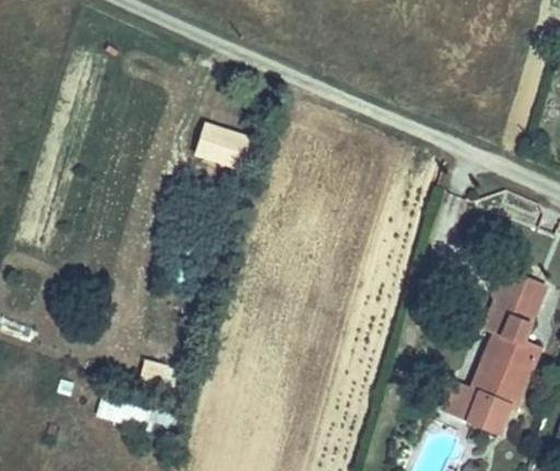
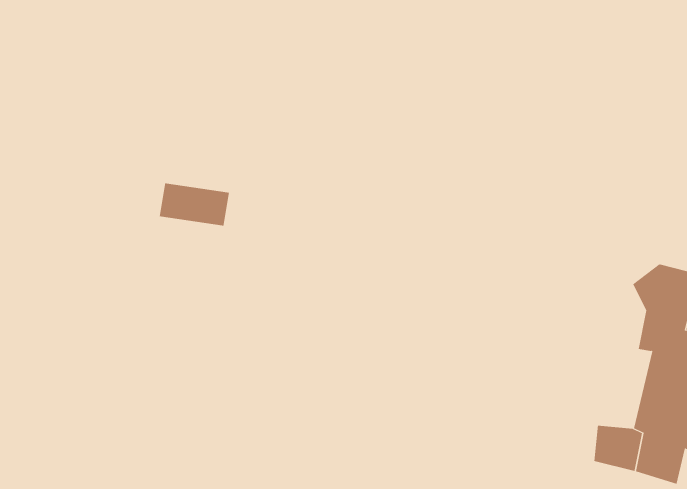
building: [196,125,250,163] -> [159,183,230,226]

